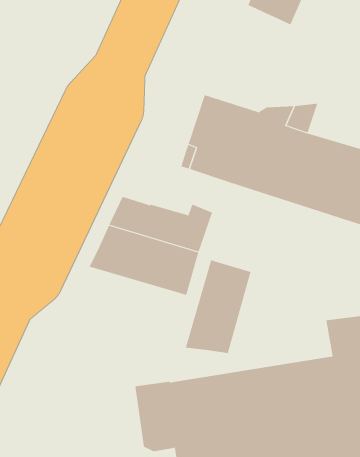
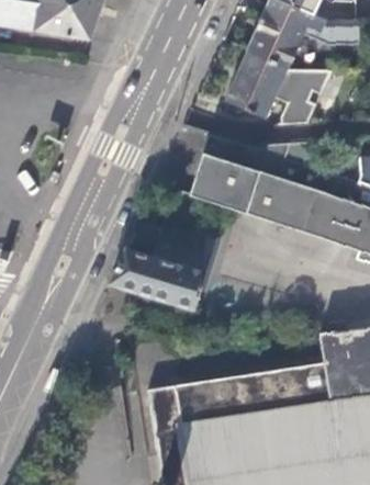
building: none -> [226,53,332,125]
building: [185,260,251,354] -> none

